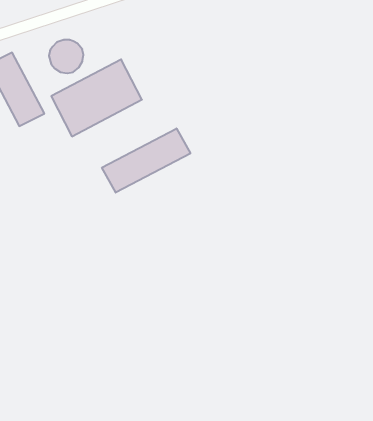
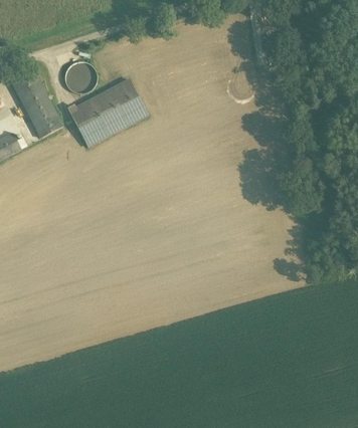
building: [102,128,190,193] -> none

